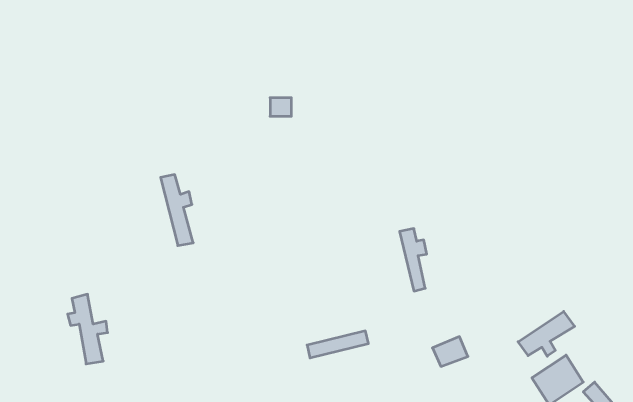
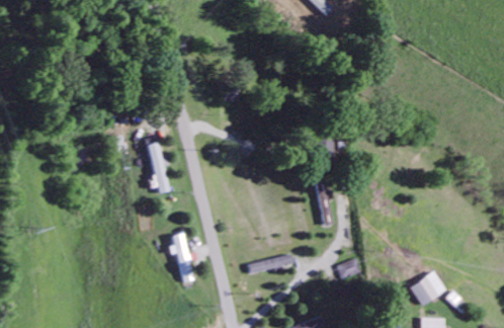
building: [68,294,108,364] -> [167,232,195,281]
building: [518,311,575,356] -> none

